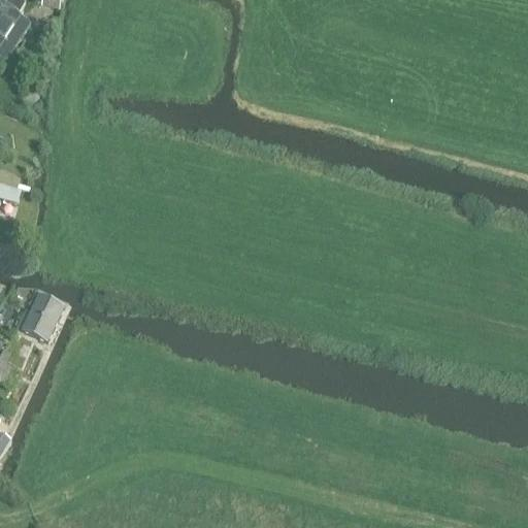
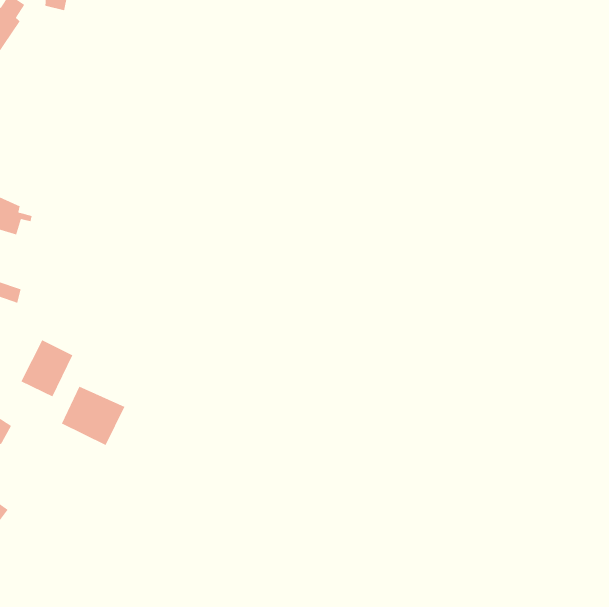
building: none -> [61,386,125,446]

